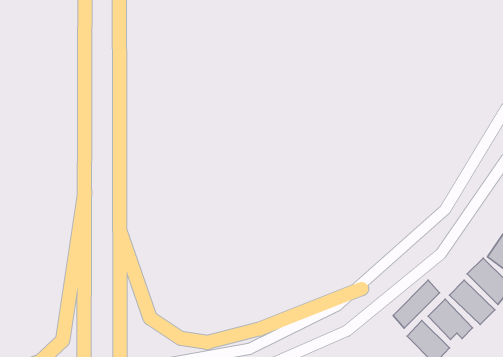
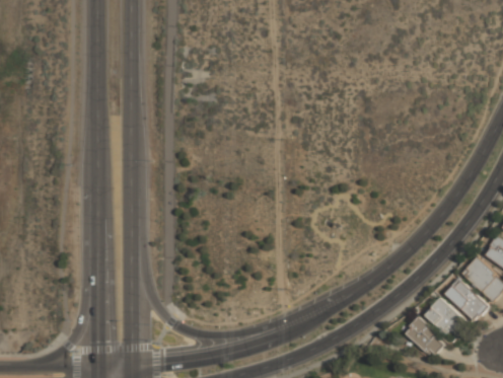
building: [393,280,440,328] -> none

